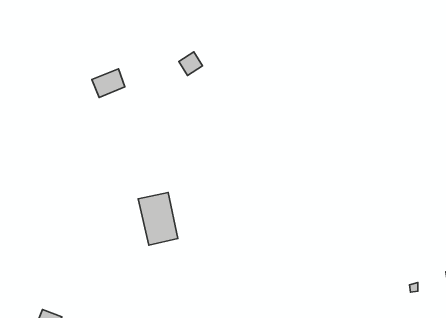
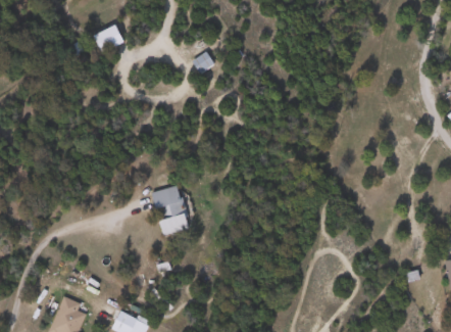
building: [92,69,125,98] -> [94,25,126,52]

